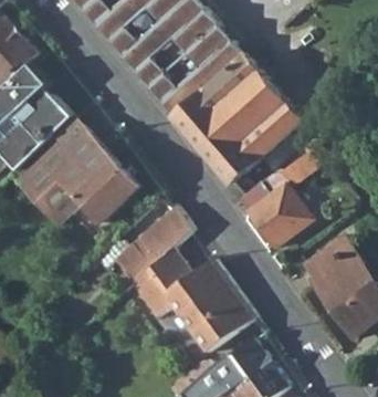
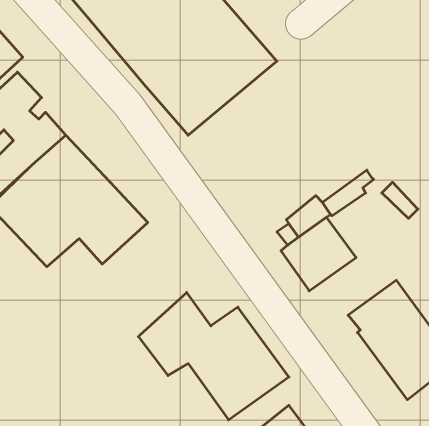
building: [174,55,312,182] -> none
building: [93,207,192,283] -> none

